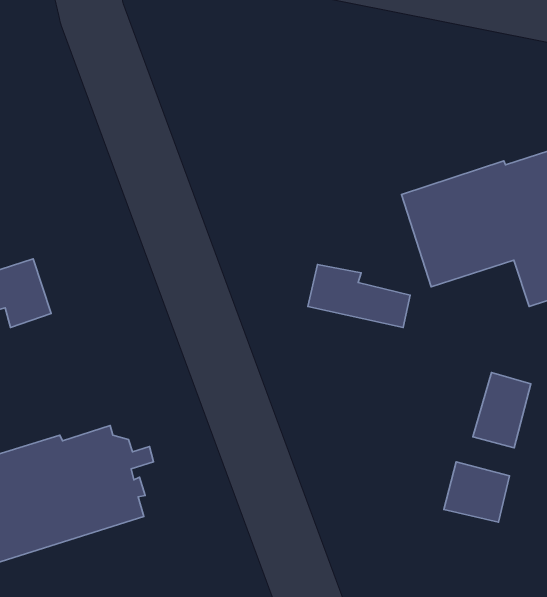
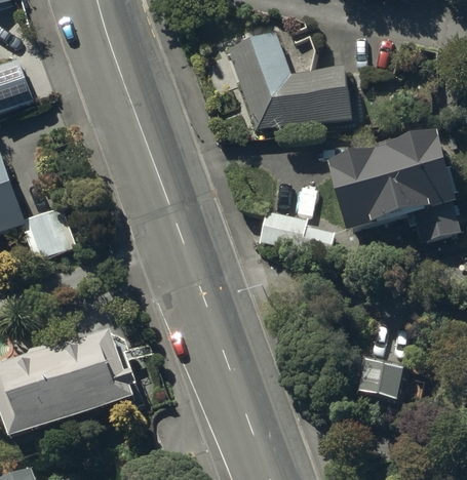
building: none -> [224,31,348,129]
building: [473,372,531,448] -> none

